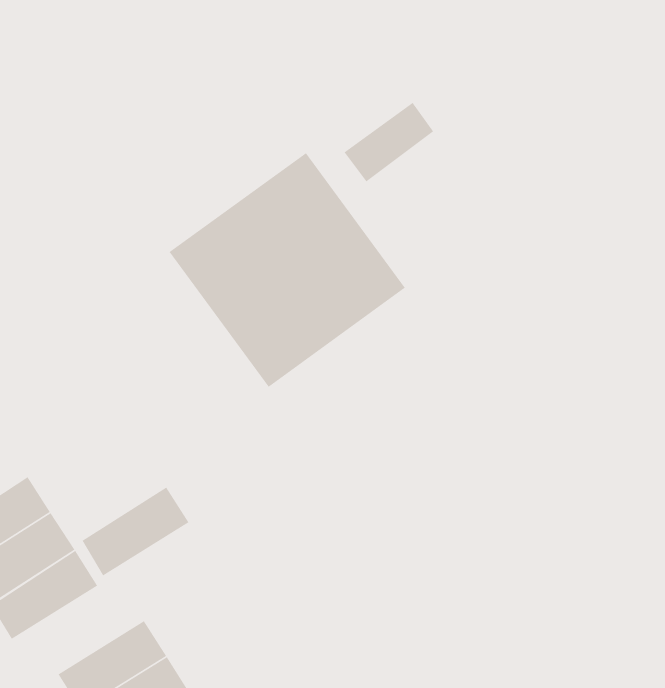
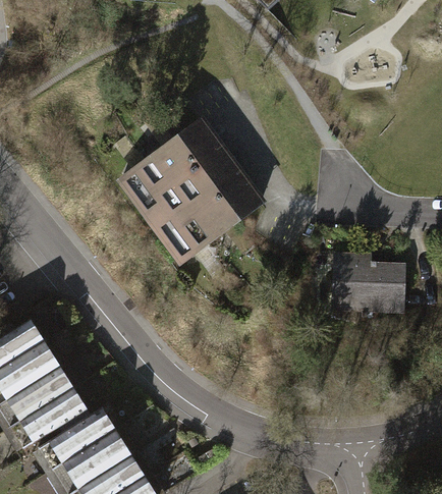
building: [344,102,434,183] -> none
building: none -> [333,256,405,313]
building: [82,486,190,576] -> [20,389,88,445]

